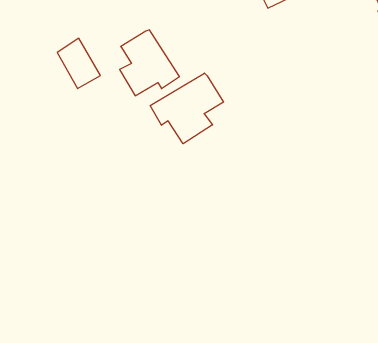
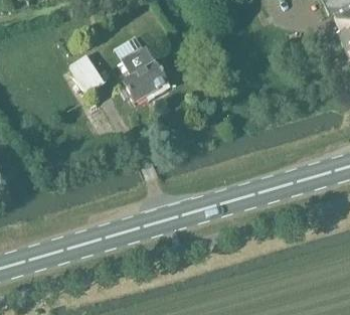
building: [150,73,224,144] -> none

